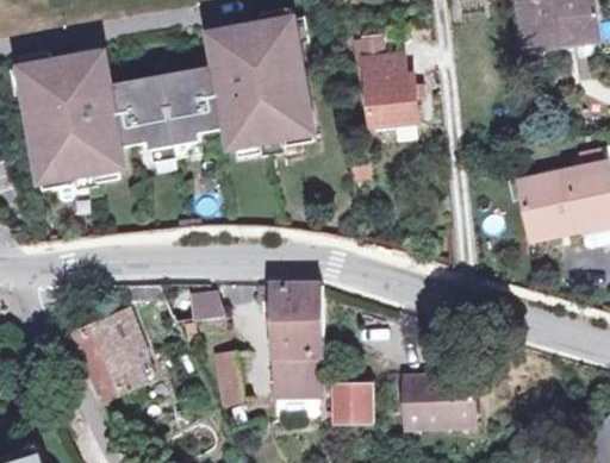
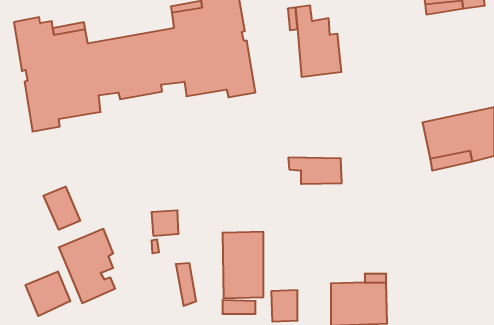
building: none -> [43,187,80,230]
building: [257,283,323,315] -> [288,158,342,184]
building: none -> [26,271,70,316]

